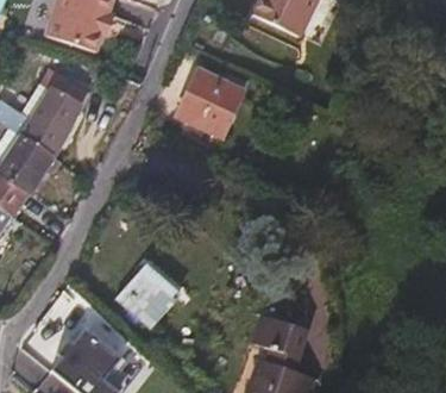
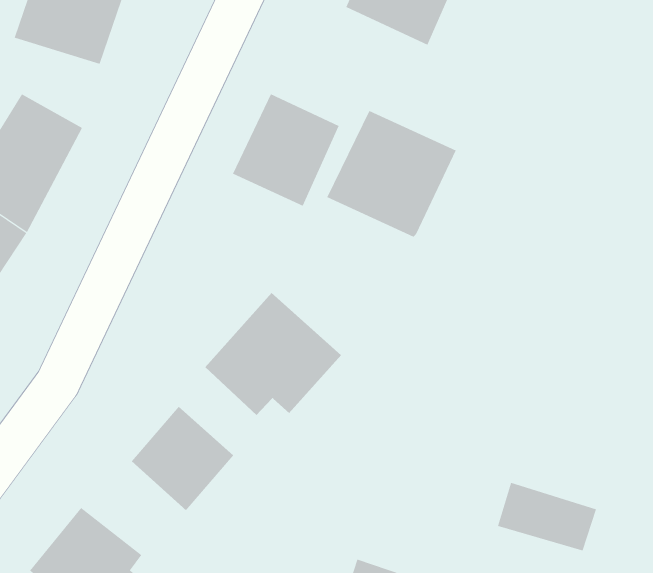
building: none -> [326,110,456,237]
building: none -> [205,292,342,416]
building: [253,313,315,356] -> [497,482,597,551]

